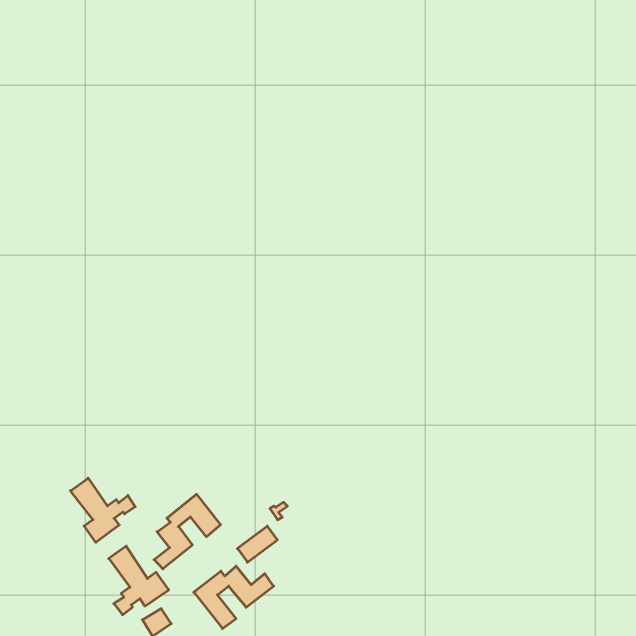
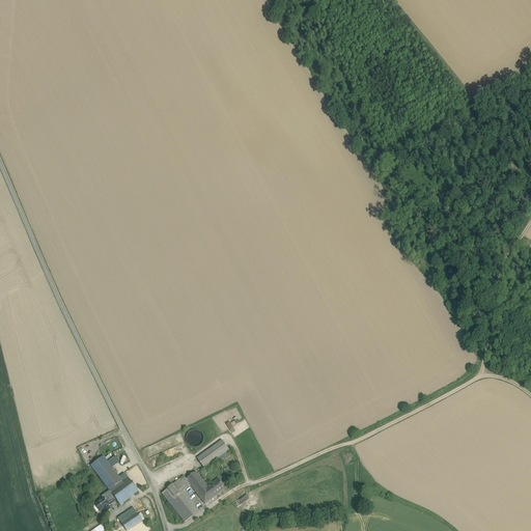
building: [70,478,135,542] -> none
building: [154,494,221,569] -> none

